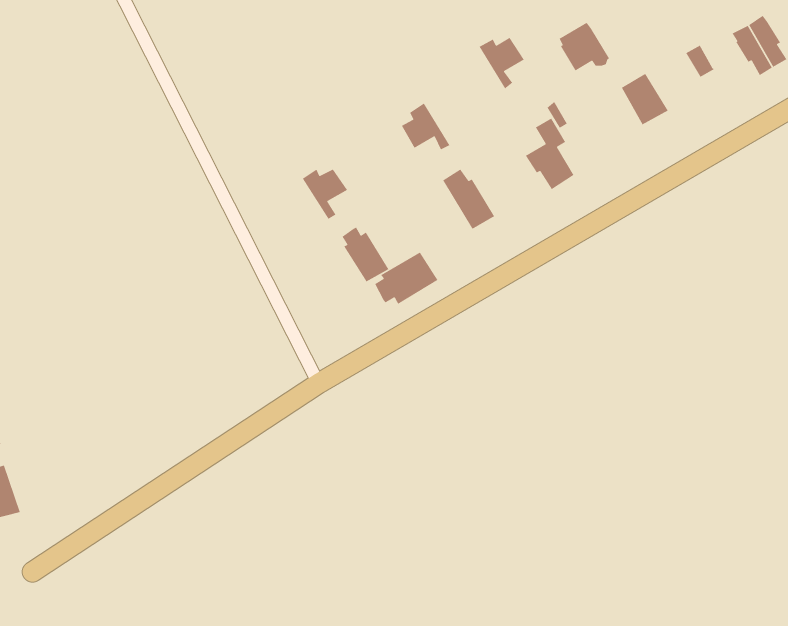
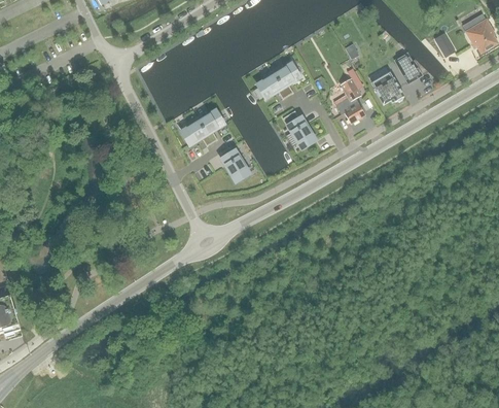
building: [559,22,610,71] -> [372,73,404,104]
building: [478,37,525,90] -> [272,63,300,96]
building: none -> [181,116,212,145]
building: [374,252,438,305] -> none

